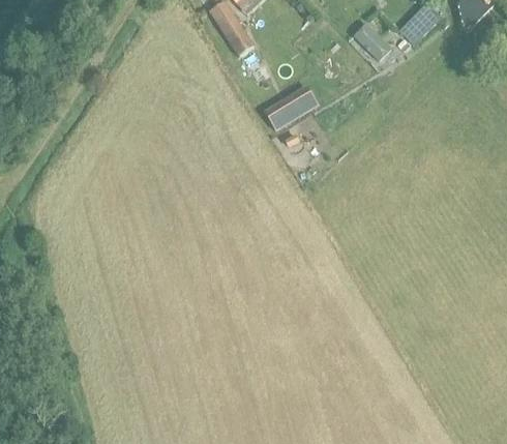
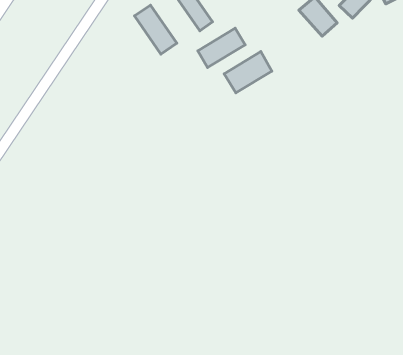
building: none -> [134,5,177,54]
building: none -> [198,28,245,68]

